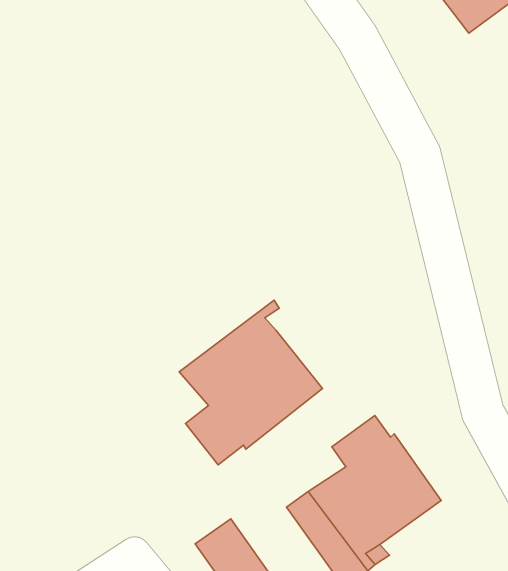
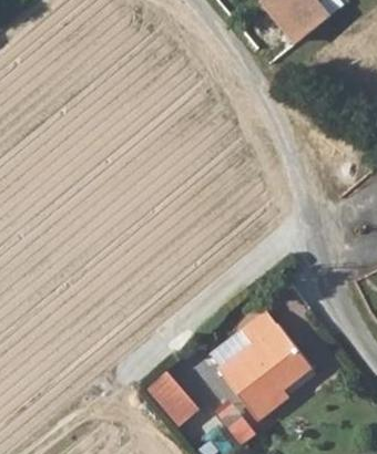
building: [179,300,322,465] -> none

